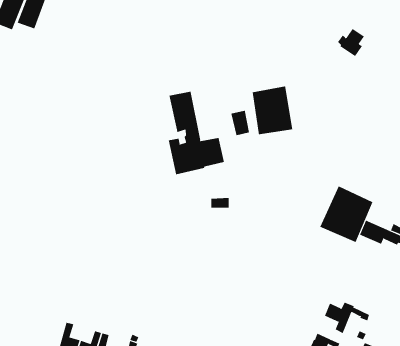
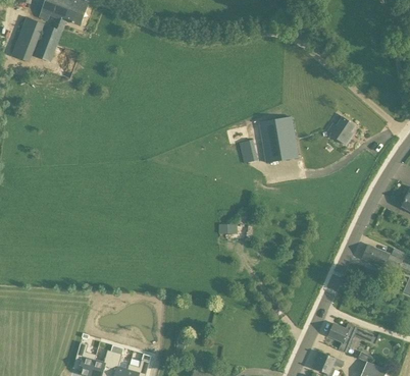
building: [337,28,365,57] -> [327,117,354,145]
building: [168,91,224,175] -> none
building: [320,186,373,243] -> none

